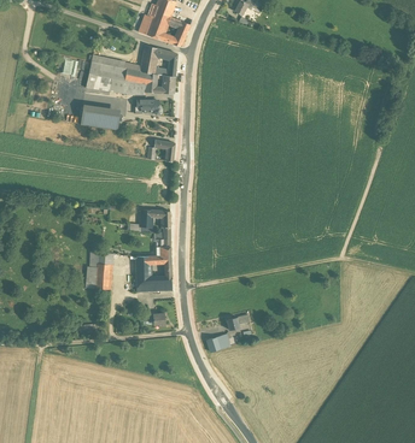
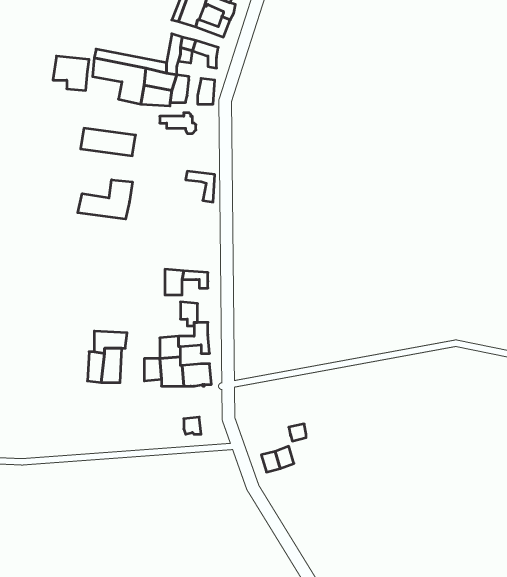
building: none -> [78,180,132,219]

